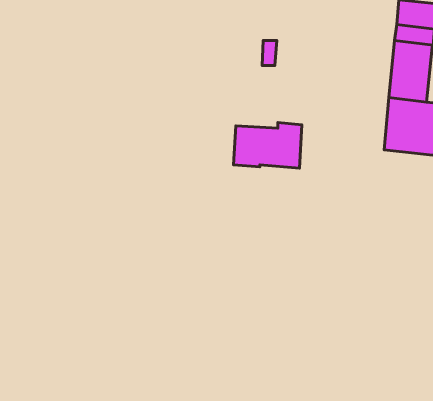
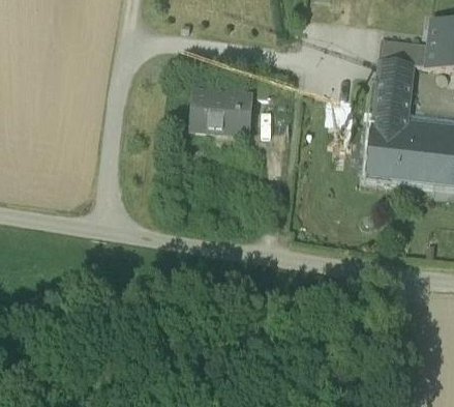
building: [233,123,302,168] -> [189,89,251,130]

